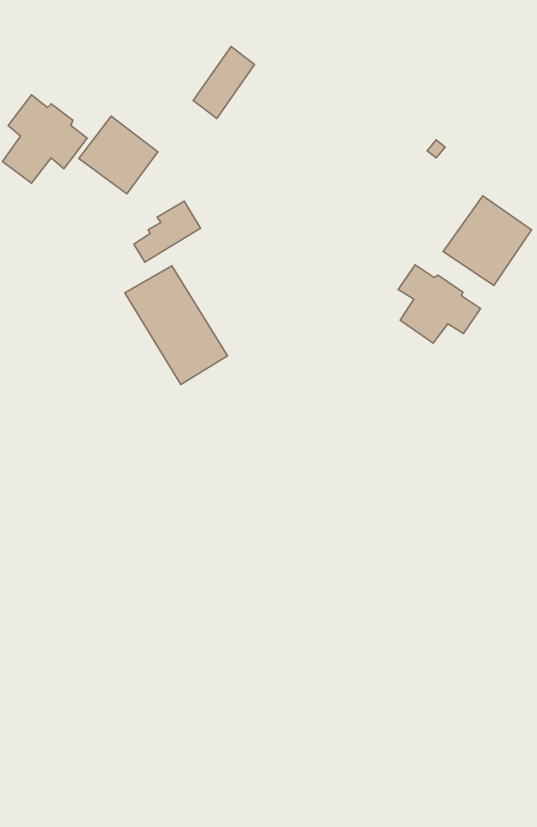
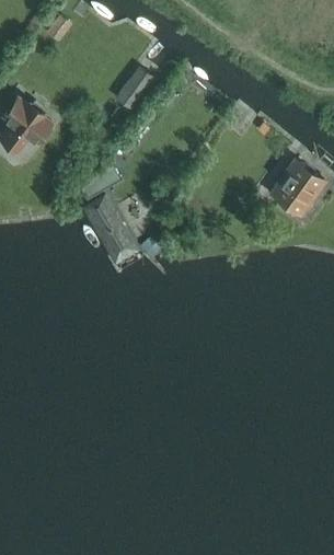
building: [79,116,158,194] -> none
building: [398,265,480,343] -> none

